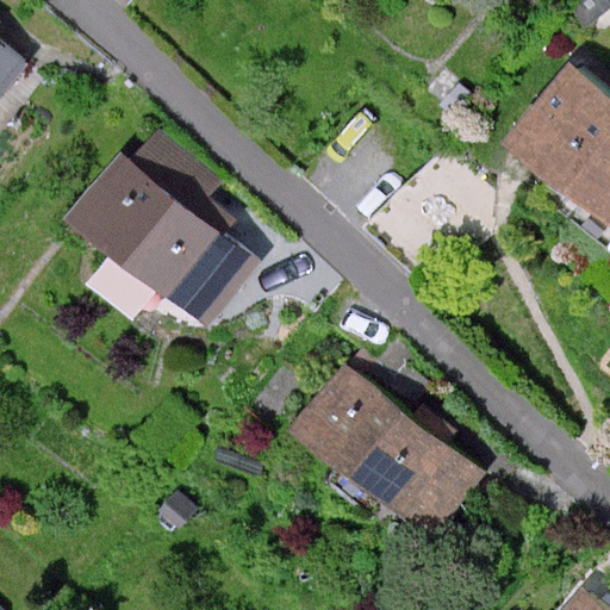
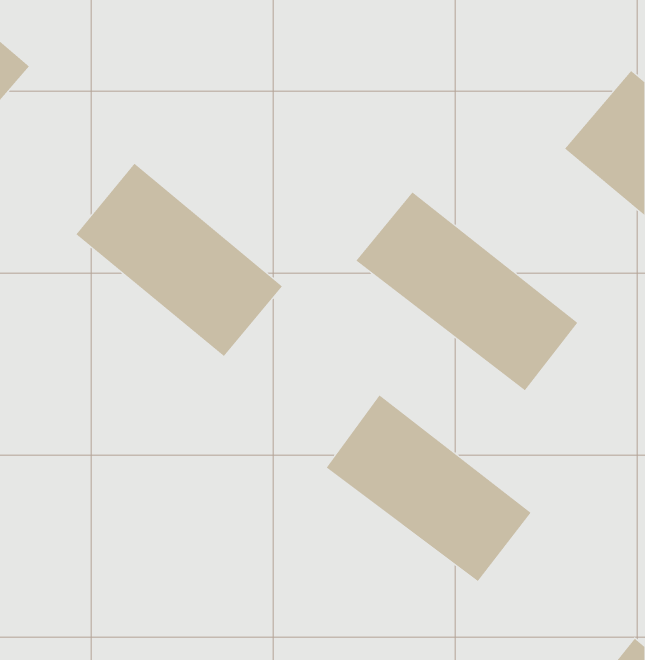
building: none -> [355,191,578,391]

